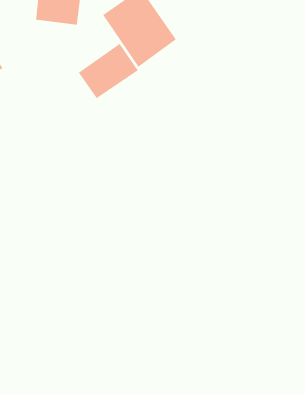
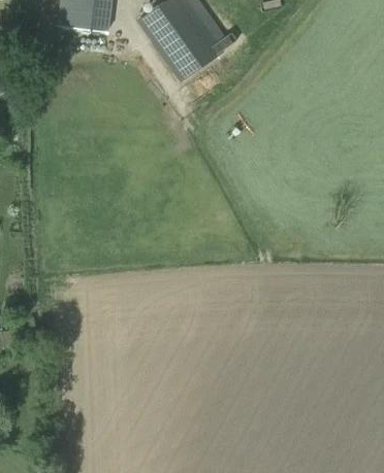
building: [78,43,139,99] -> none

